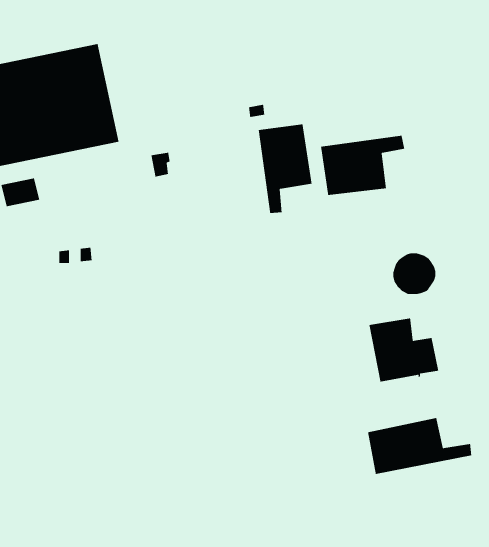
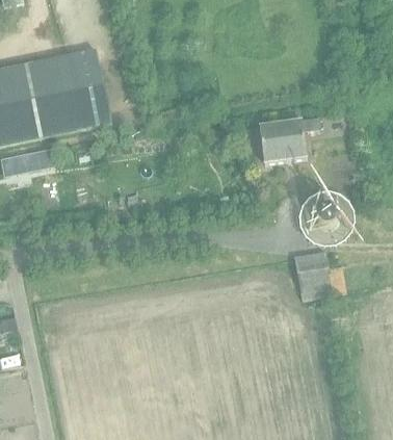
building: [258,124,313,214] -> none
building: [367,417,472,475] -> none

